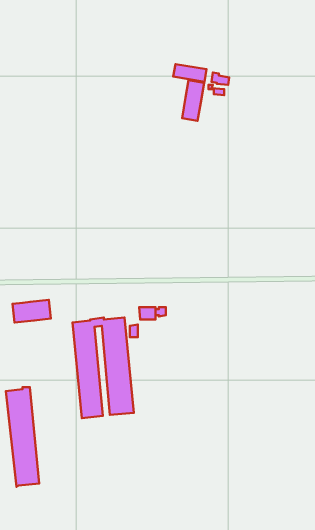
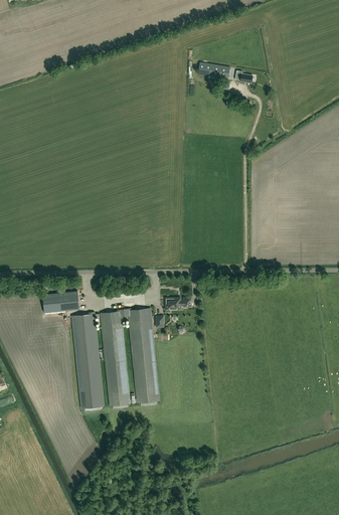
building: [182,80,204,121] -> none
building: [6,387,39,487] -> [71,312,104,408]

